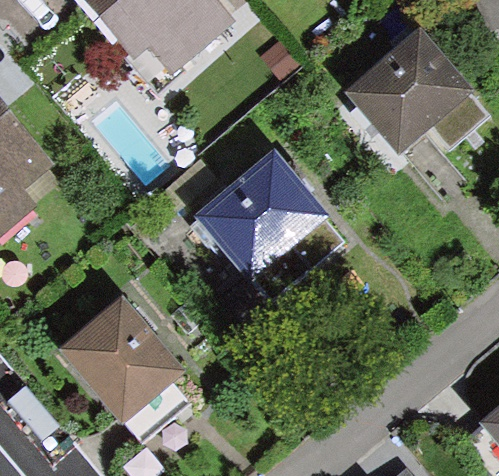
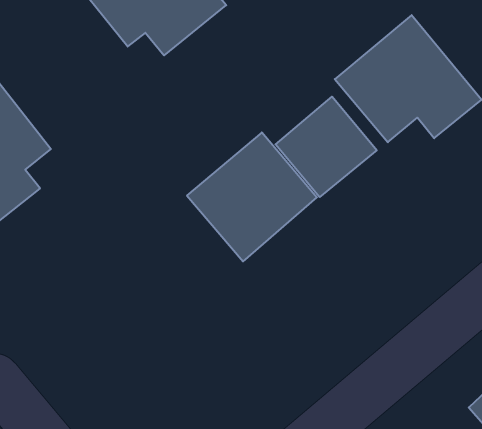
building: none -> [275,97,377,197]
building: [59,298,189,441] -> none

